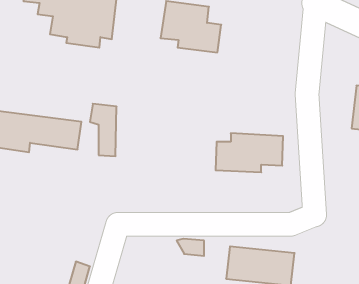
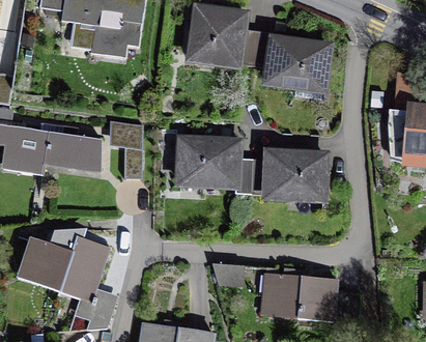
building: none -> [252,34,328,96]
building: none -> [178,139,251,193]
building: none -> [21,237,107,296]

